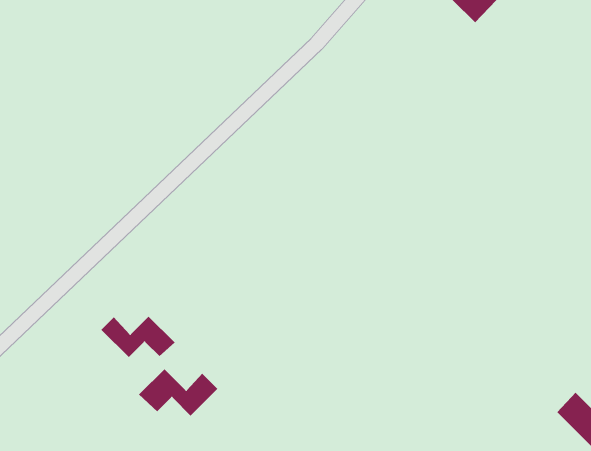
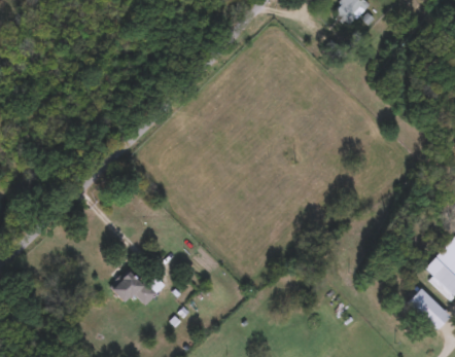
building: [100,316,175,358] -> none

